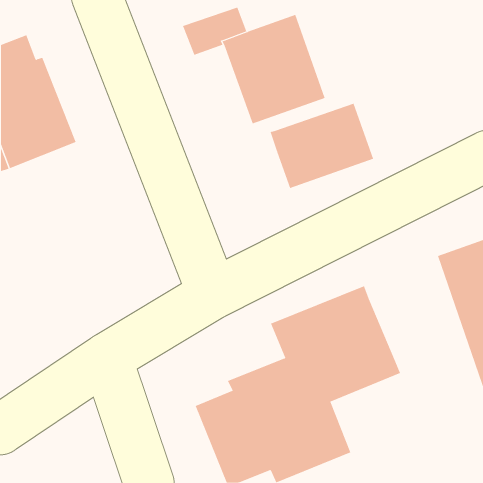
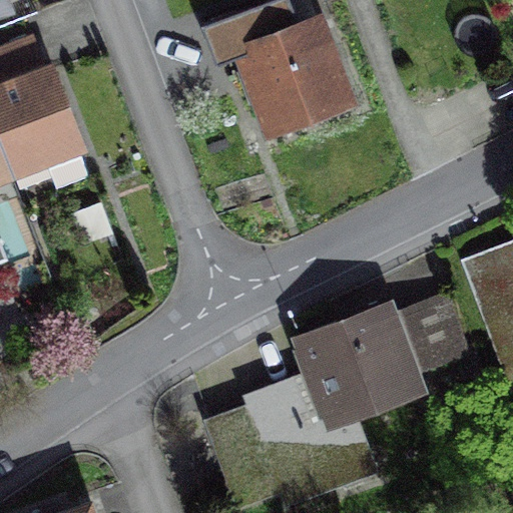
building: [270,103,374,189] -> none
building: none -> [393,292,474,380]

